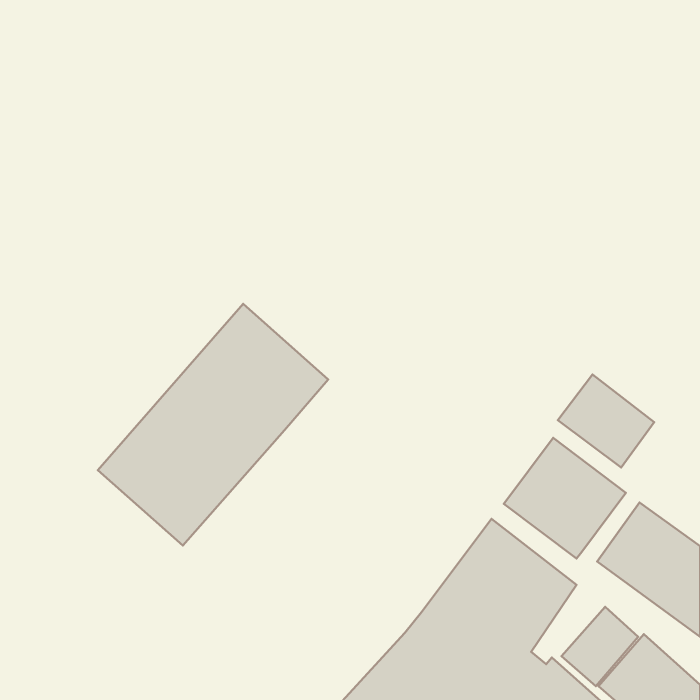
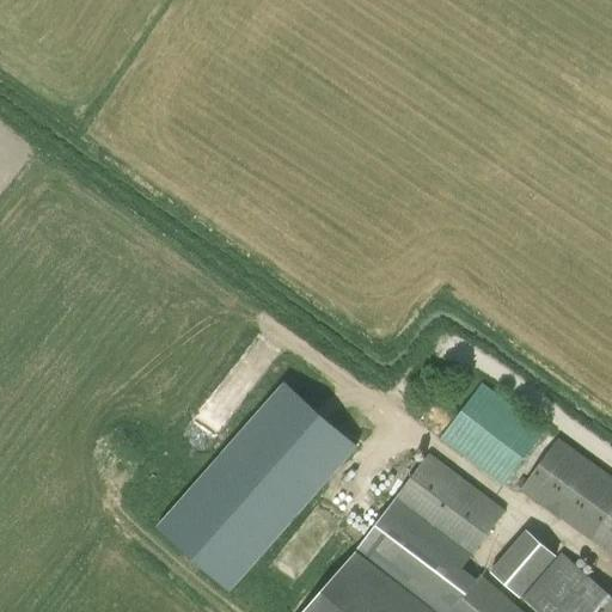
building: [98,304,328,545] -> [155,382,356,593]
building: [558,374,654,468] -> none

